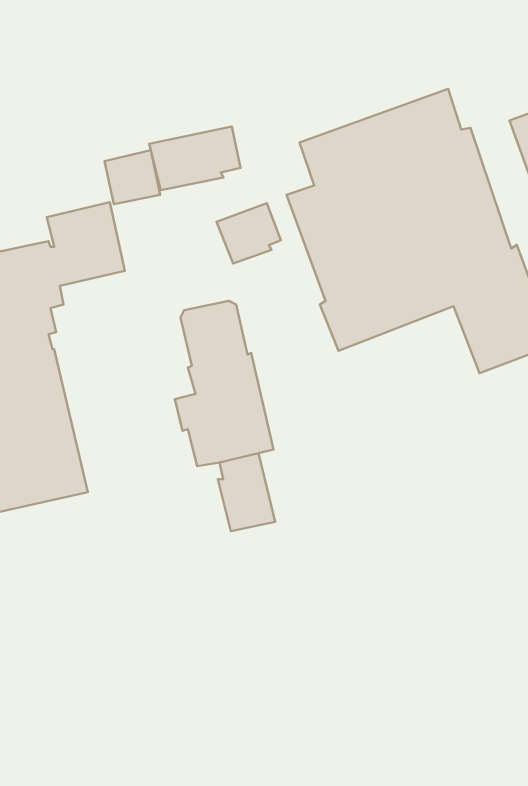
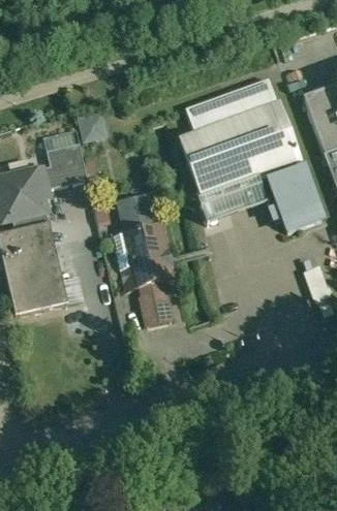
building: [149,127,241,190] -> none
building: [217,203,281,264] -> none

